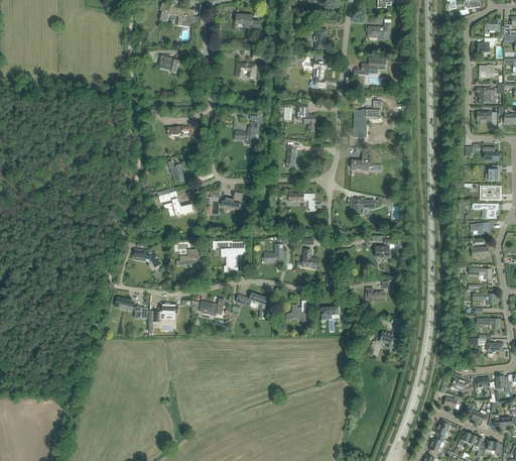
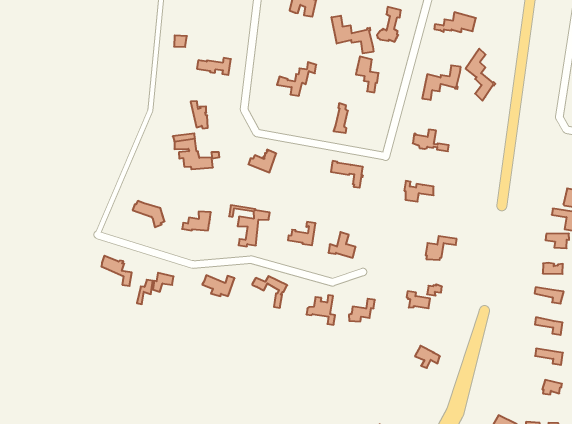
building: none -> [332,16,373,53]
building: none -> [466,49,495,101]

